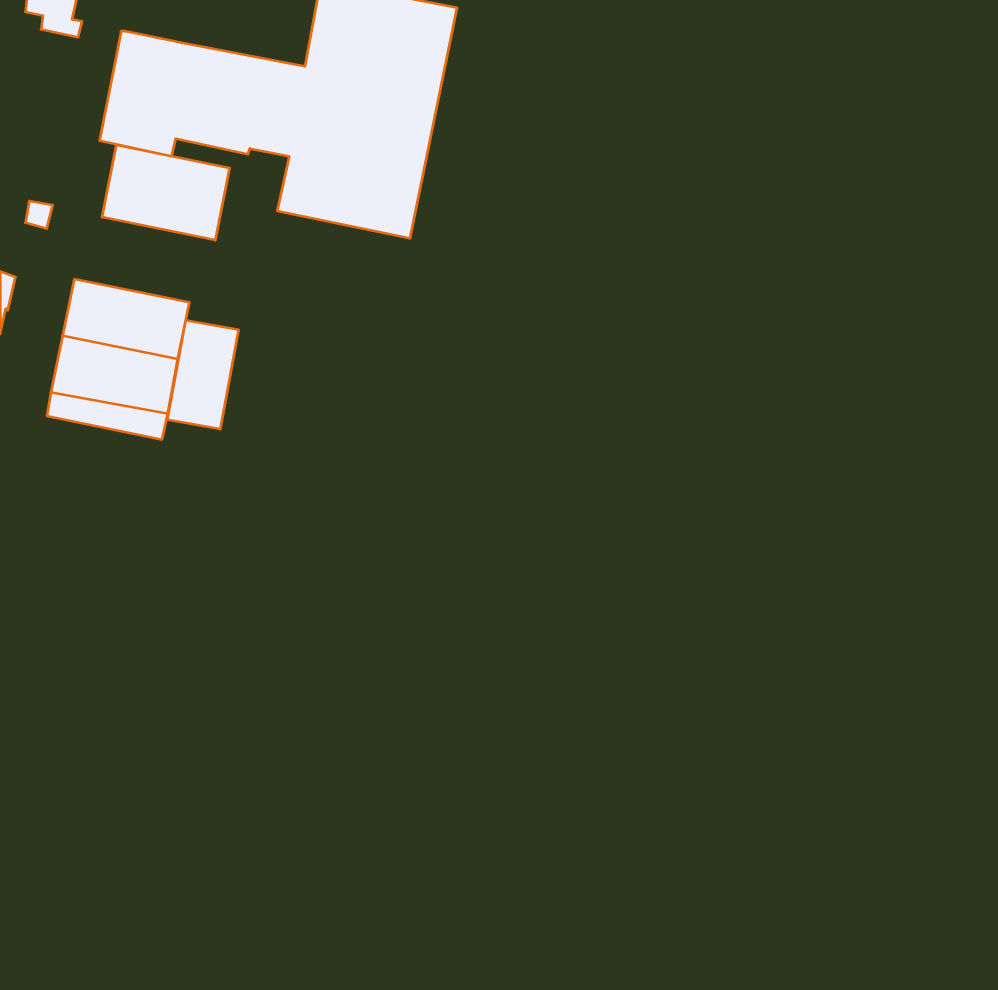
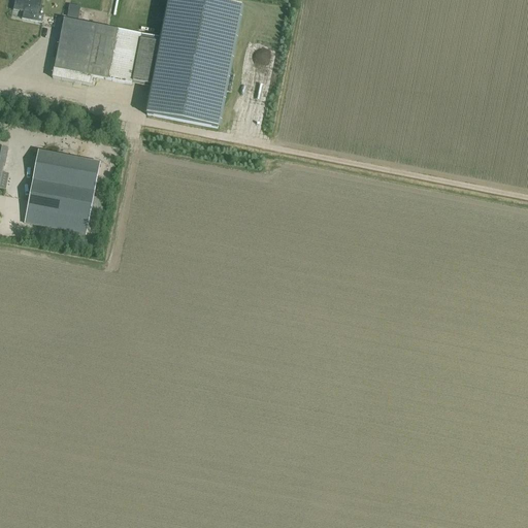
building: [102,145,230,240] -> none
building: [168,320,238,429] -> none

